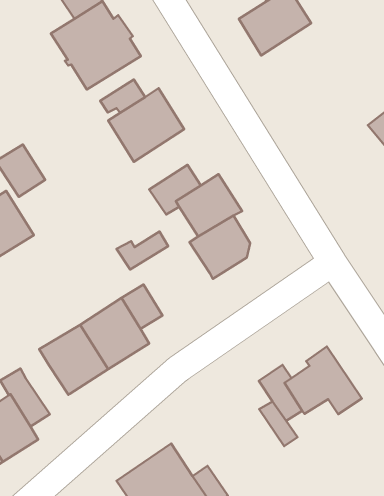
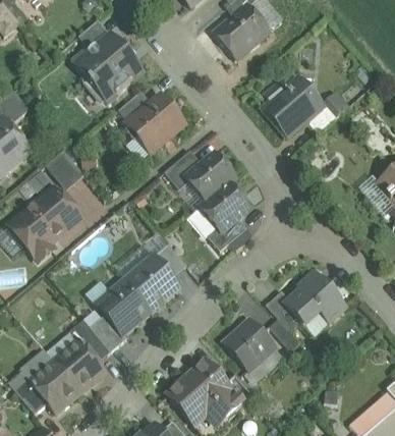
building: none -> [262,79,321,132]
building: [117,231,168,269] -> [207,218,245,250]
building: none -> [89,314,126,350]
building: none -> [223,319,274,371]

